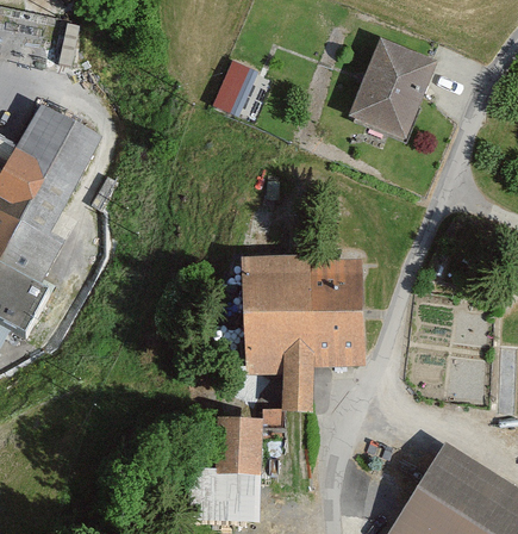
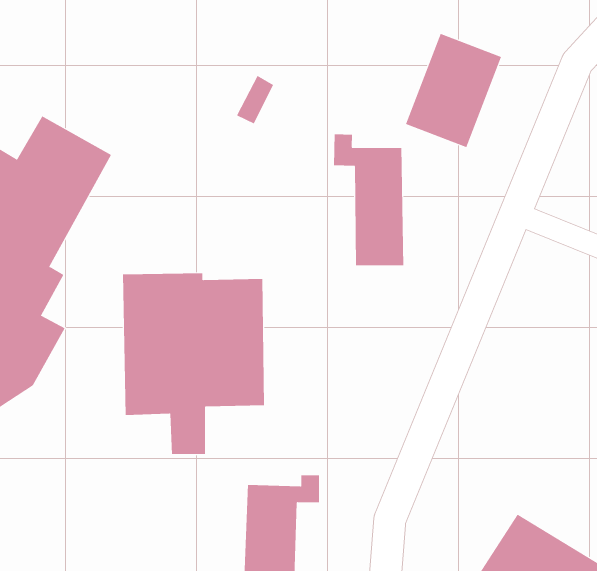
building: none -> [334,133,404,266]
building: [242,255,363,410] -> [122,273,265,454]

